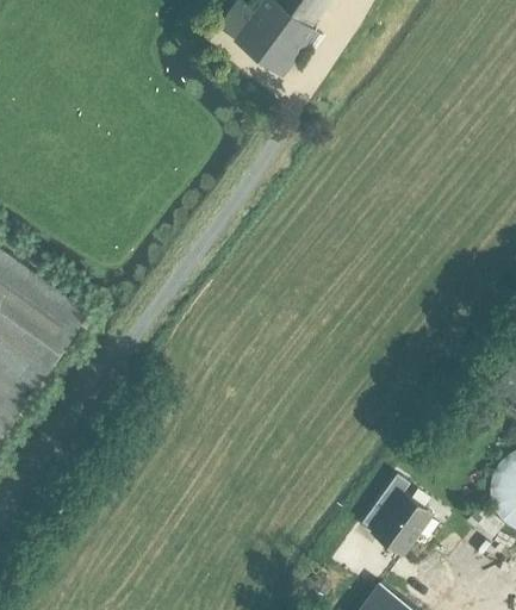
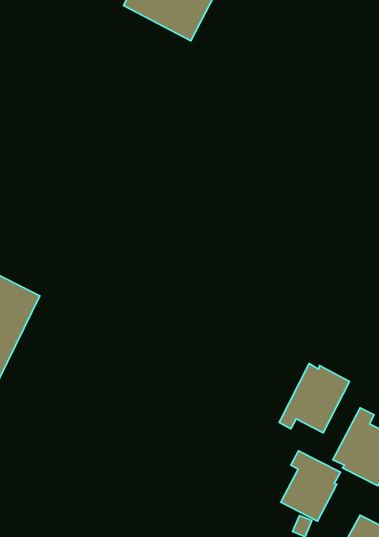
building: none -> [279,364,350,433]
building: none -> [281,451,341,521]

